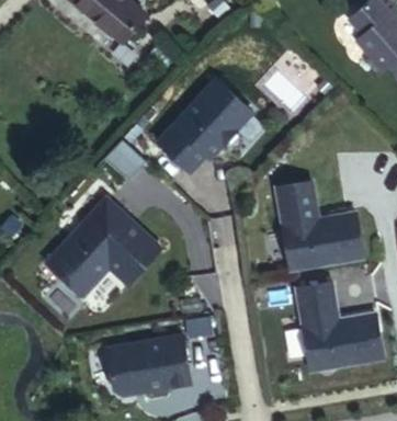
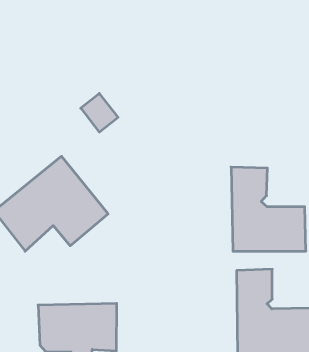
building: [154,81,251,178] -> none

